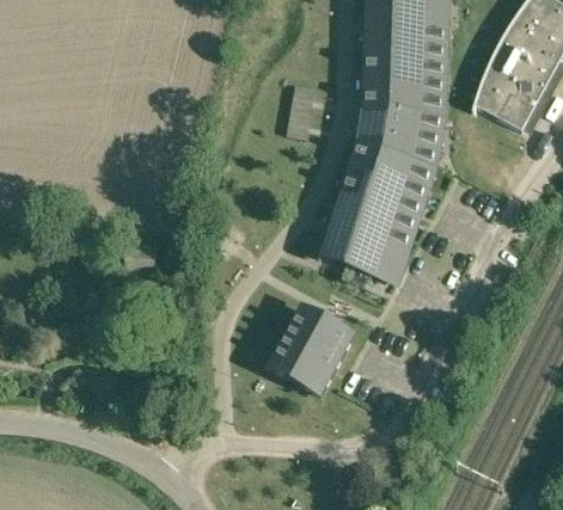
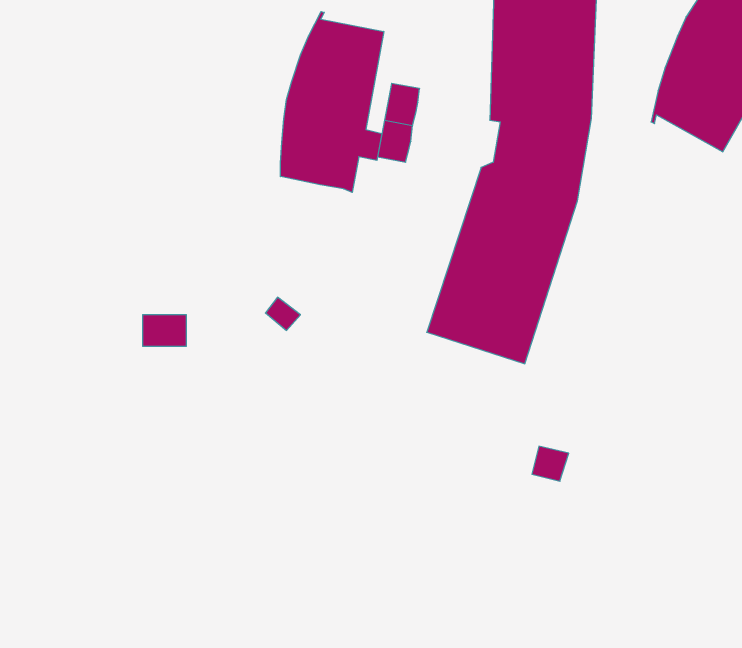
building: none -> [280,12,384,192]
building: [270,308,356,395] -> none

